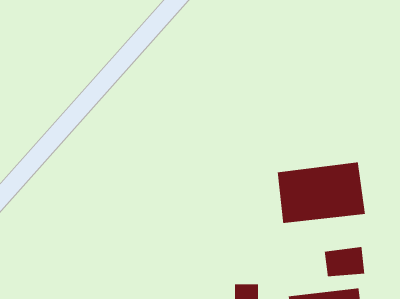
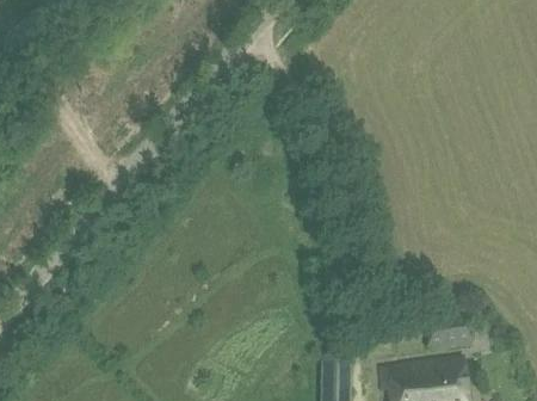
building: [277,162,366,224] -> none

